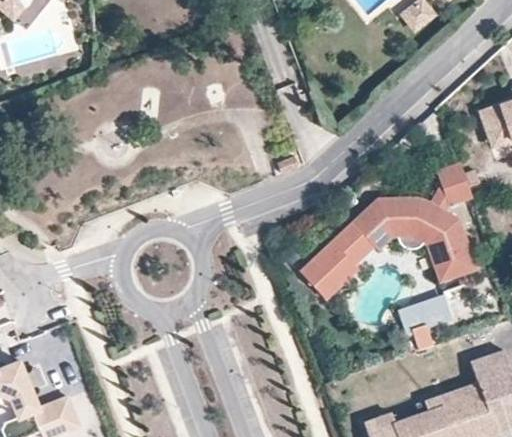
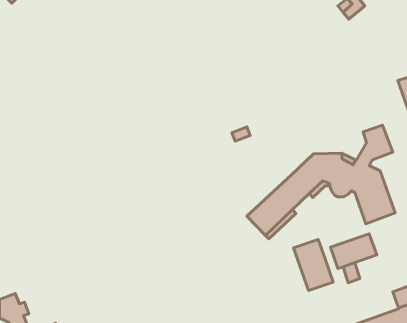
building: none -> [293,239,333,290]

